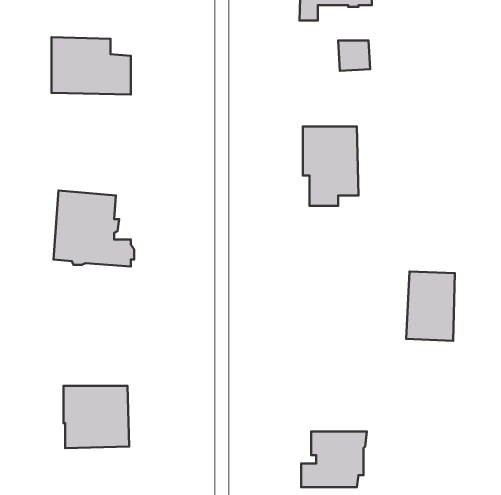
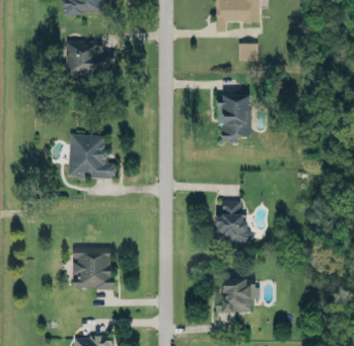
building: [406,272,455,341] -> [216,201,245,243]

